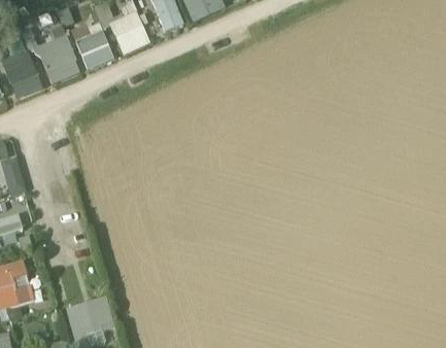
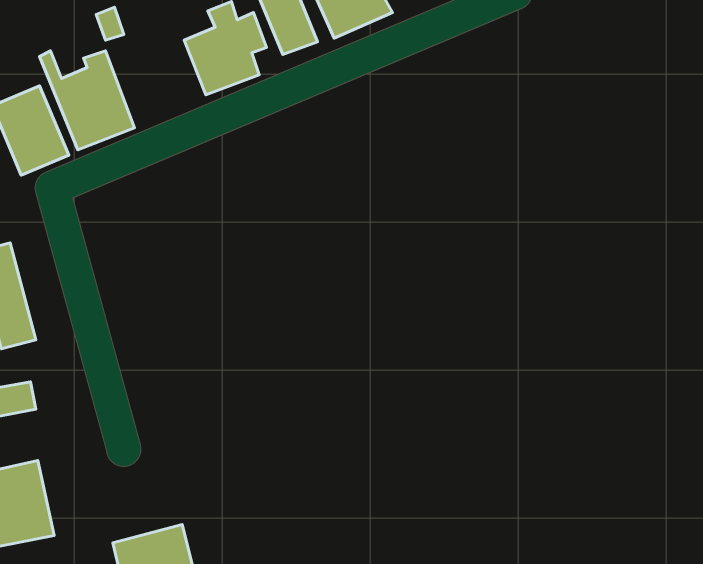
building: [70,19,112,69] -> none

